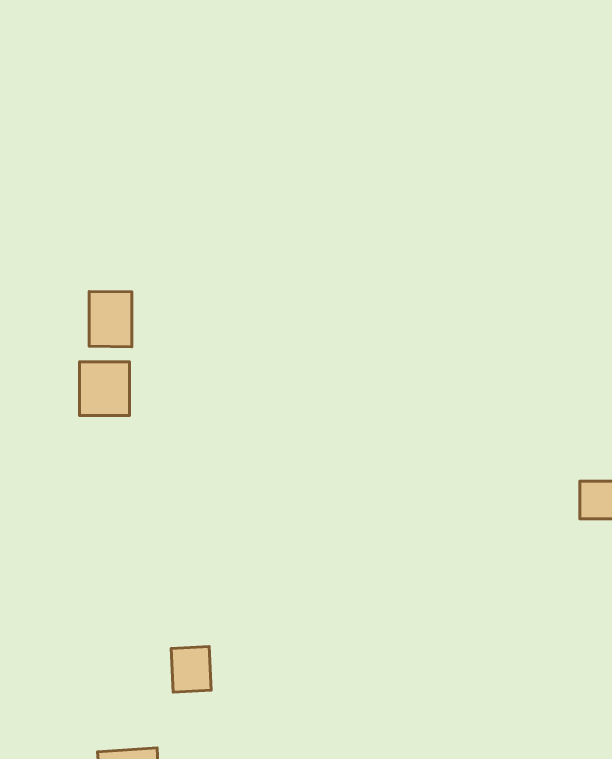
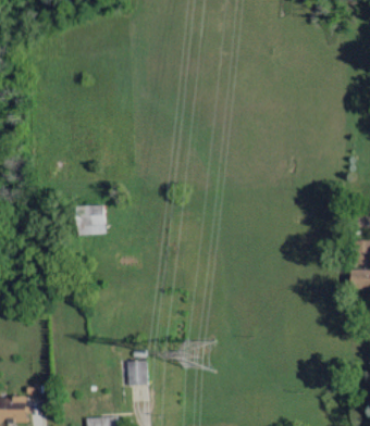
building: [89,291,132,347] -> none

